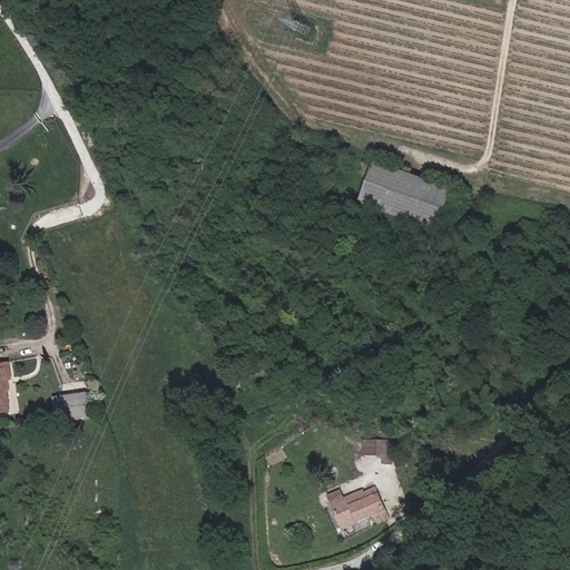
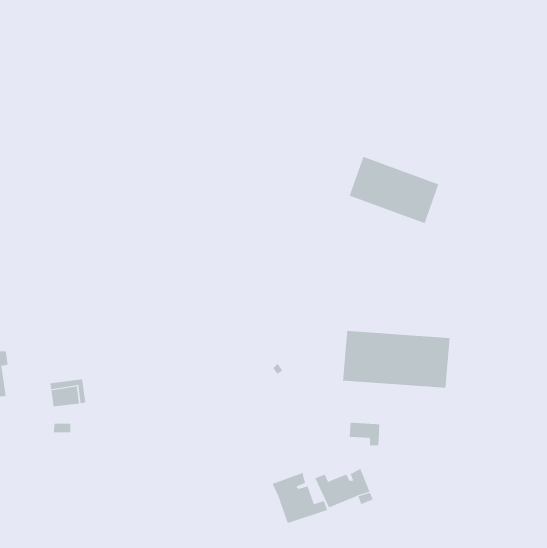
building: none -> [343,330,450,389]
building: none -> [272,472,328,524]

